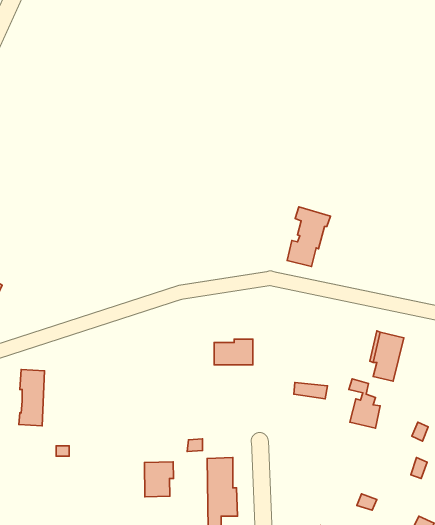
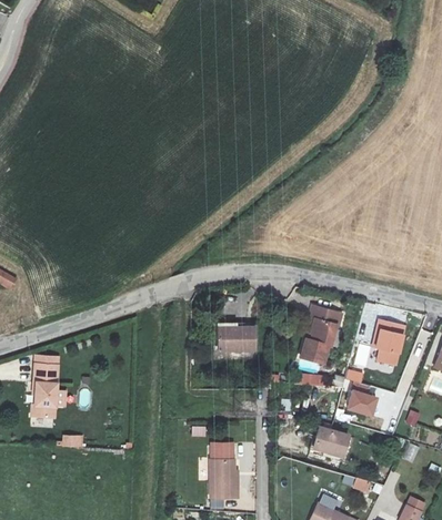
building: [287,207,330,266] -> [293,308,334,365]
building: none -> [311,430,346,460]
building: [144,462,174,497] -> none

